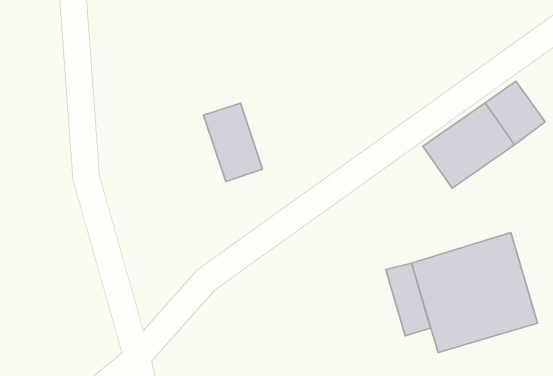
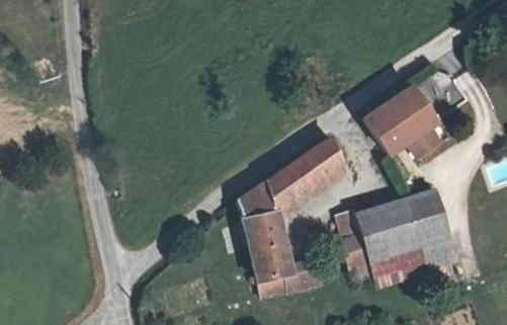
building: [204,103,262,181] -> none
building: none -> [238,141,339,291]

